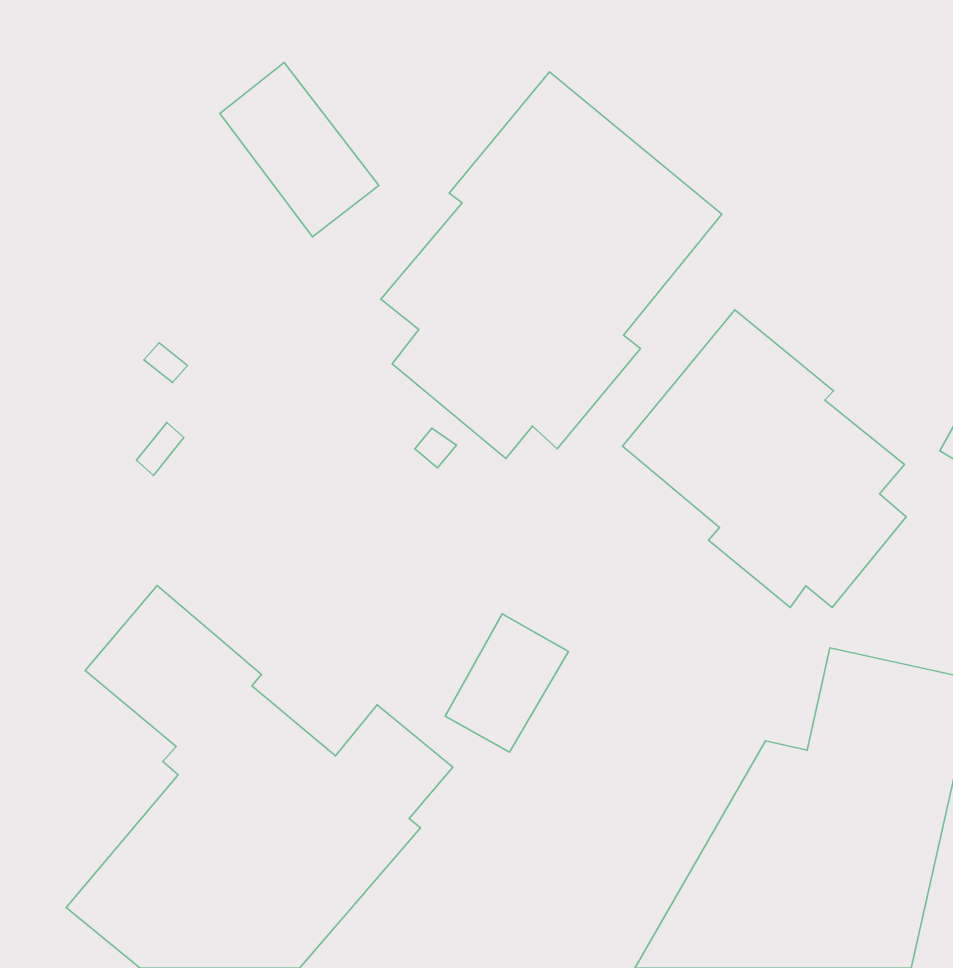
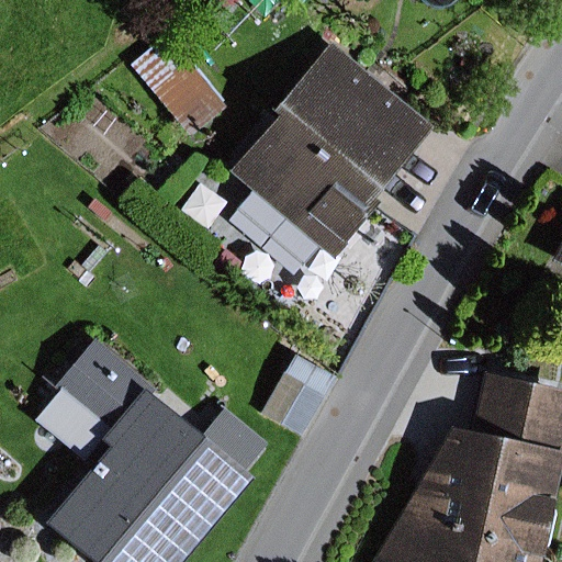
building: [622,310,906,607] -> none

